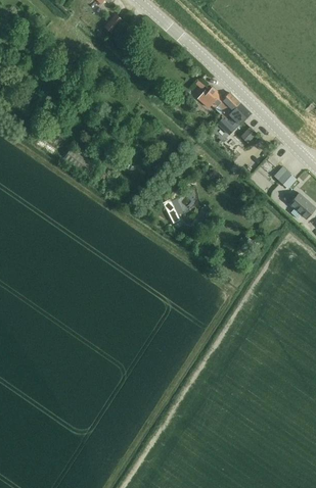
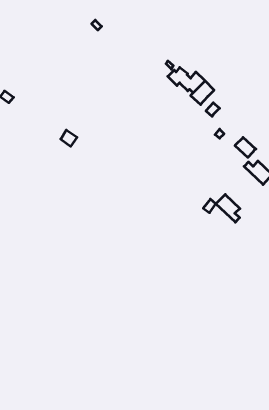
building: none -> [216,194,240,222]

